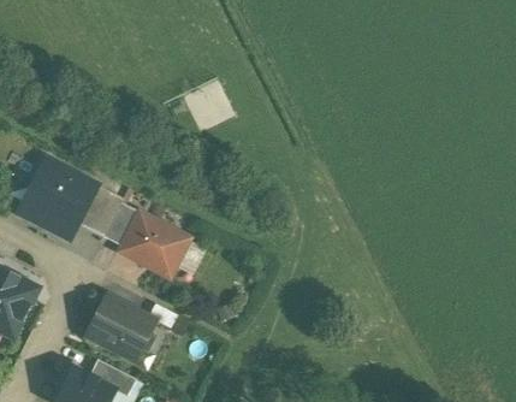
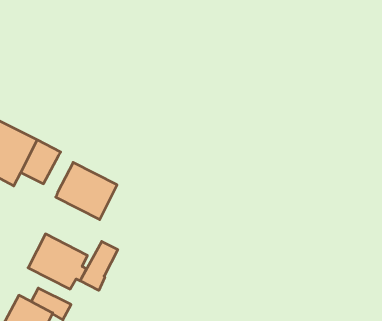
building: [103,203,138,247] -> none
building: none -> [80,241,118,290]

